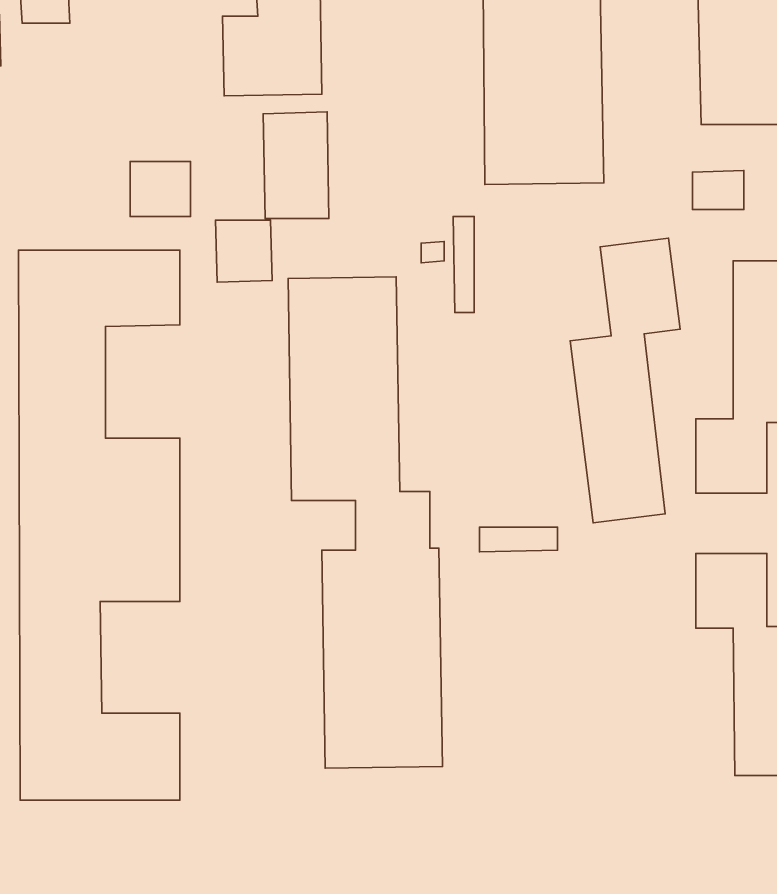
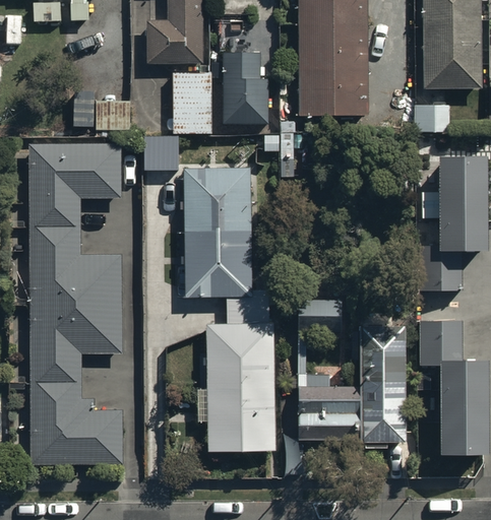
building: none -> [222,52,267,125]
building: [570,238,680,523] -> none
building: none -> [300,320,407,442]

